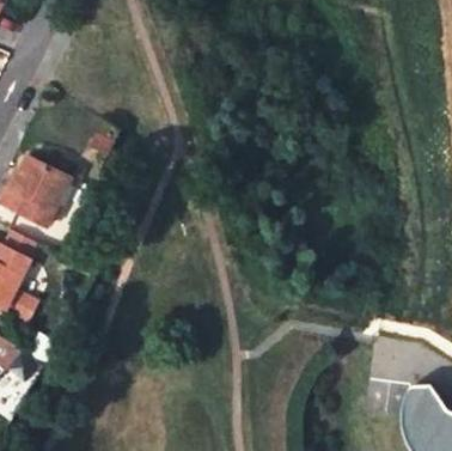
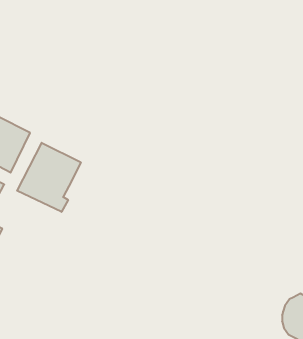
building: none -> [17,143,81,212]

